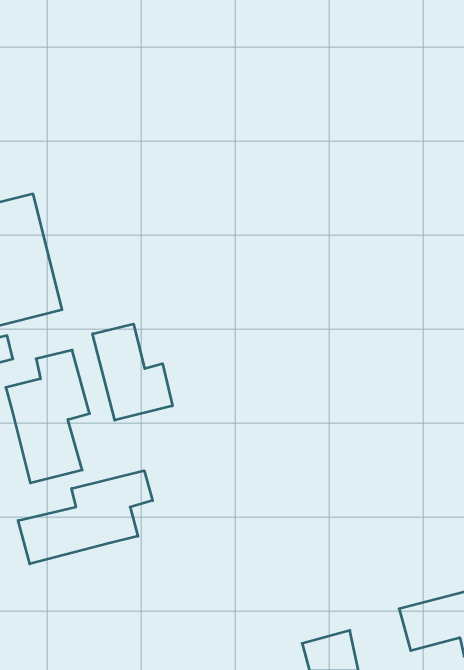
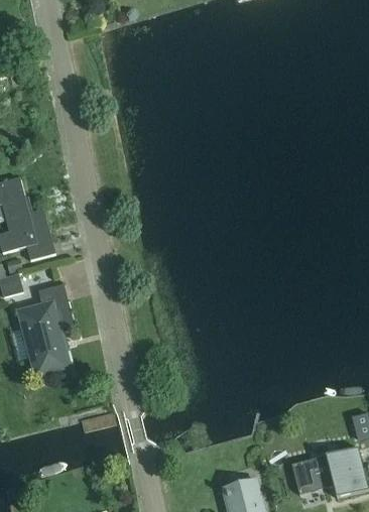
building: [93,324,172,420] -> none
building: [18,471,153,564] -> none

